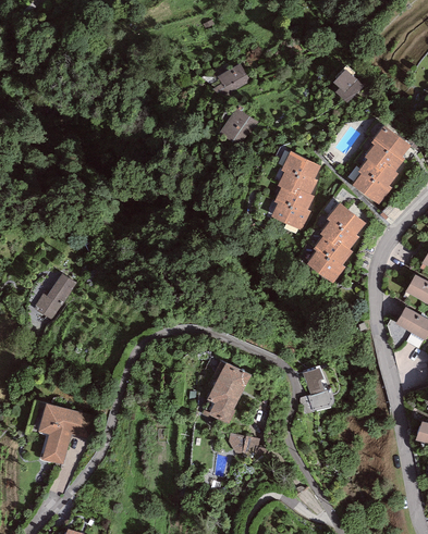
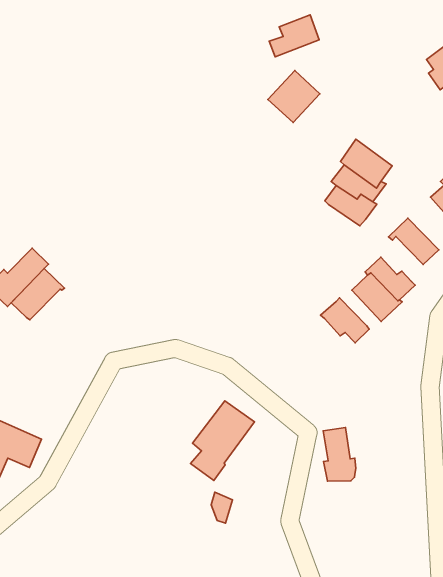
building: [270,202,309,229] -> none
building: [319,218,357,249] -> [321,298,369,343]
building: none -> [11,269,65,320]

